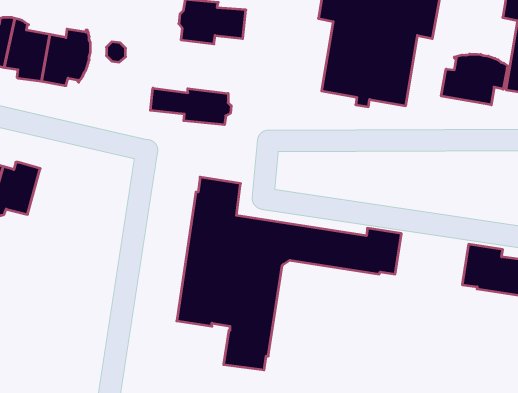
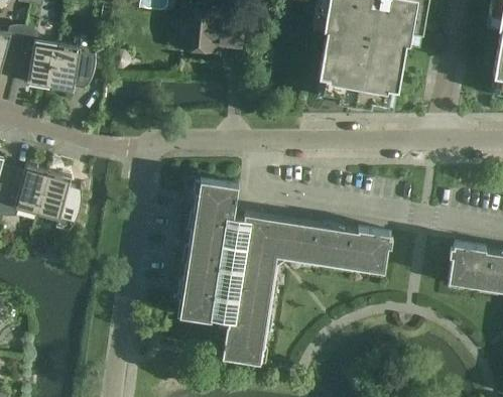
building: [441,54,510,105] -> none
building: [150,88,231,125] -> none
building: none -> [36,171,82,234]

